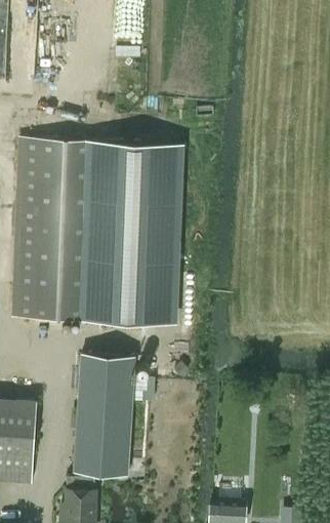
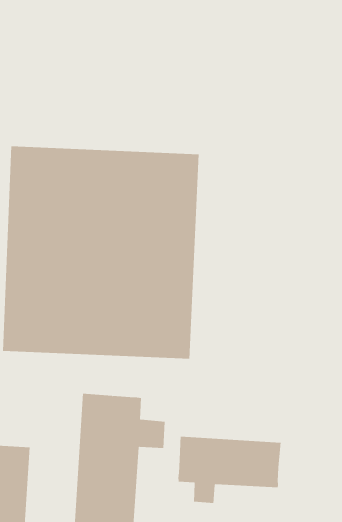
building: none -> [178,436,281,504]

